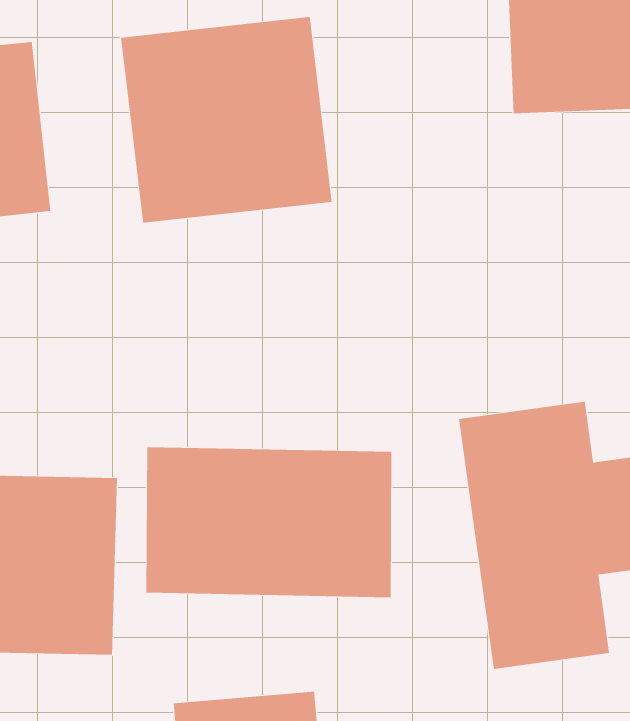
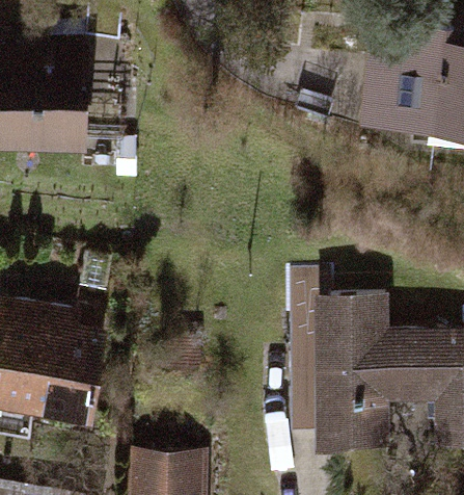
building: [121,16,332,223] -> none
building: [146,446,392,598] -> none

